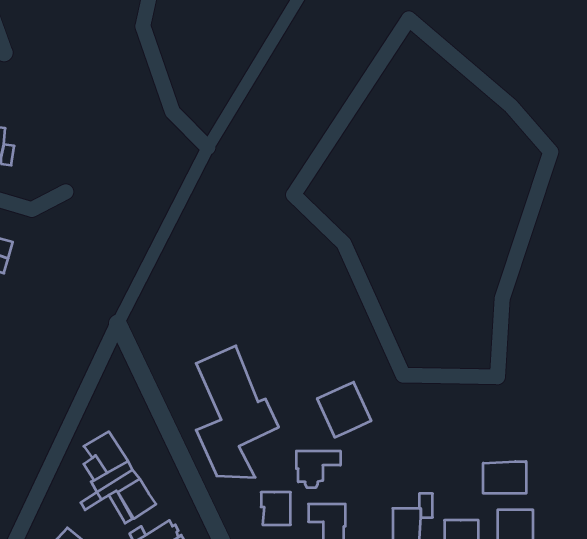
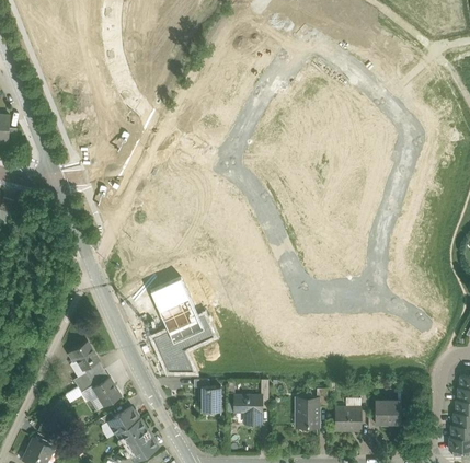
building: [317,382,371,437] -> none
building: [296,451,340,488] -> none
building: [483,461,526,493] -> none

